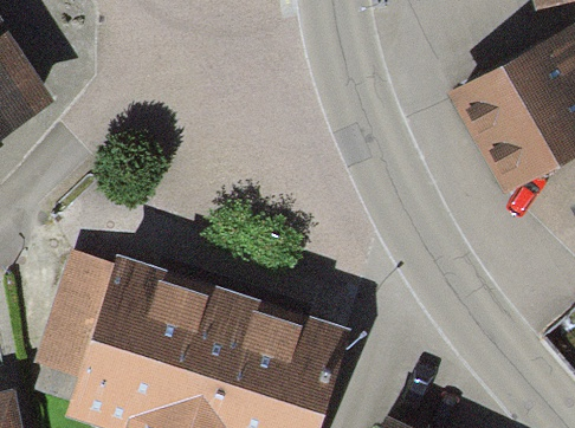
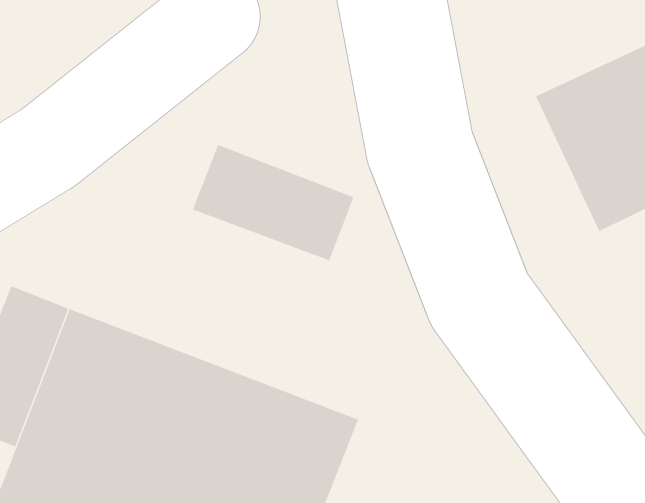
building: none -> [192,144,354,261]

